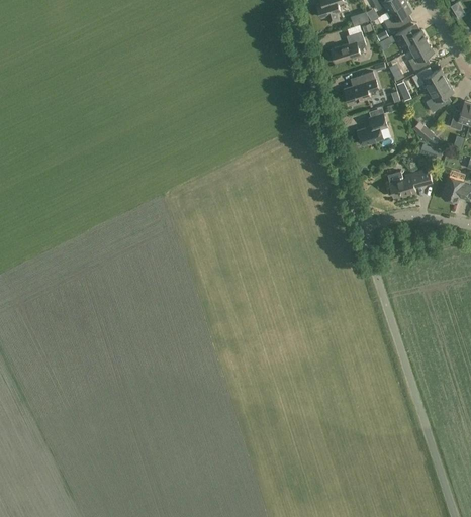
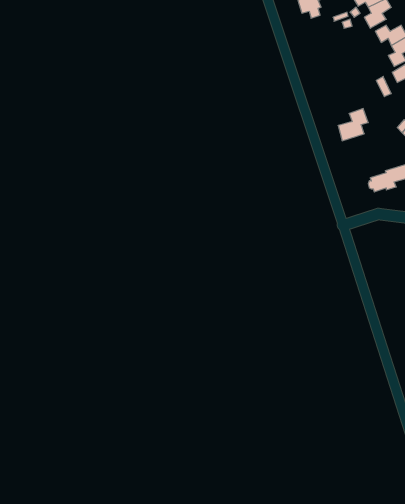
building: [331,30,365,62] -> none
building: [344,71,378,103] -> none

